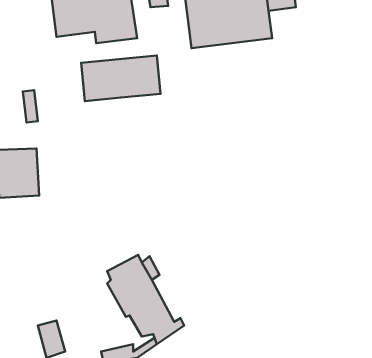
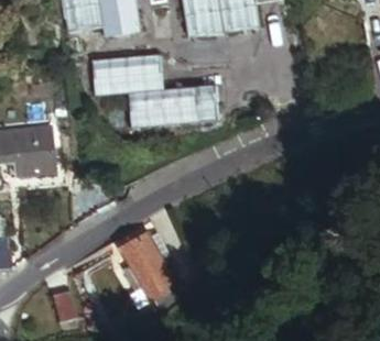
building: none -> [126,80,199,123]

